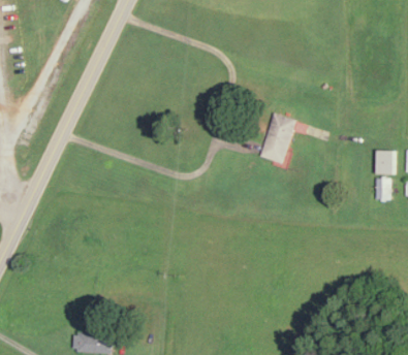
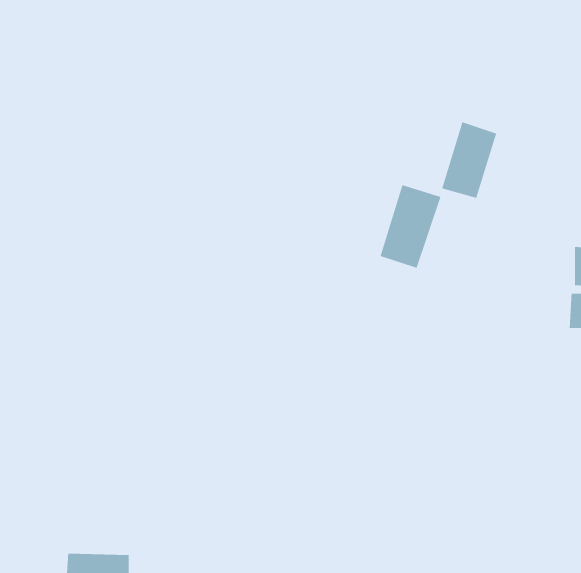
building: none -> [441,121,497,199]

